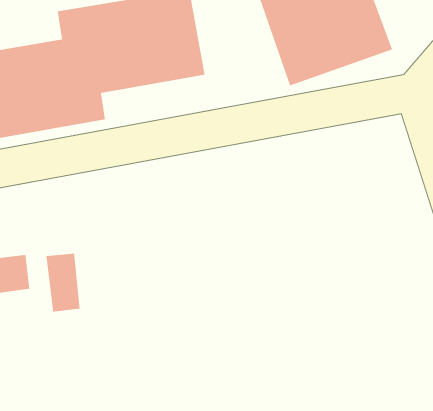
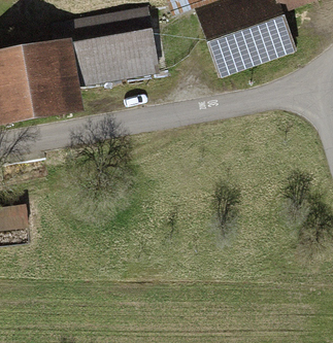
building: [45,253,81,313] -> none

